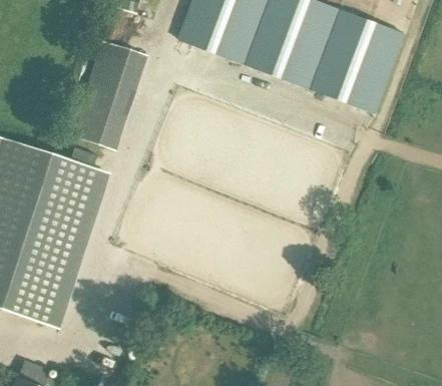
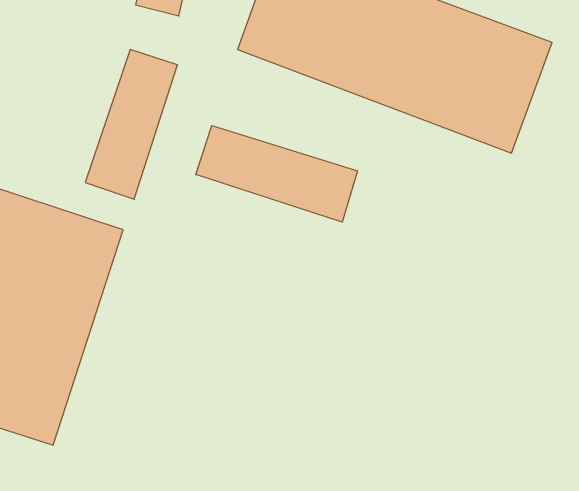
building: none -> [196,126,358,222]

